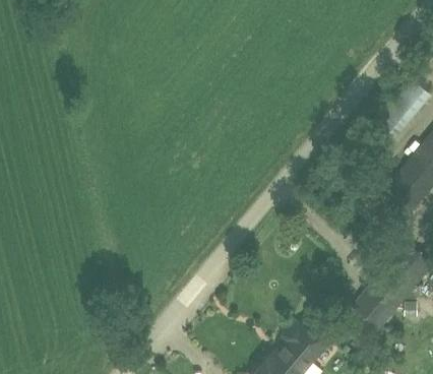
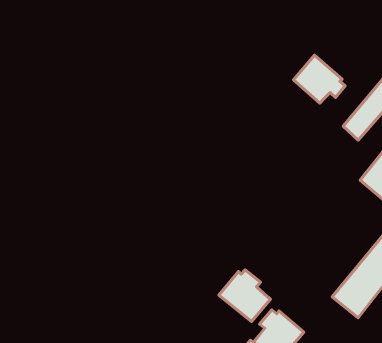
building: none -> [294,55,345,103]
building: none -> [219,270,270,322]

